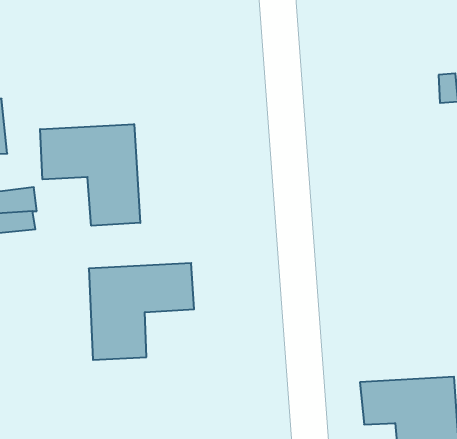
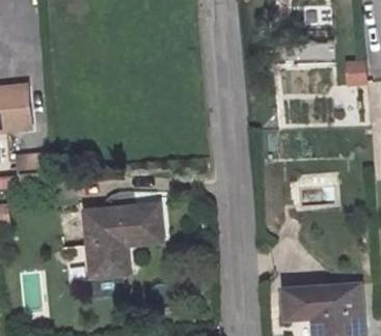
building: [40,124,140,226] -> none

